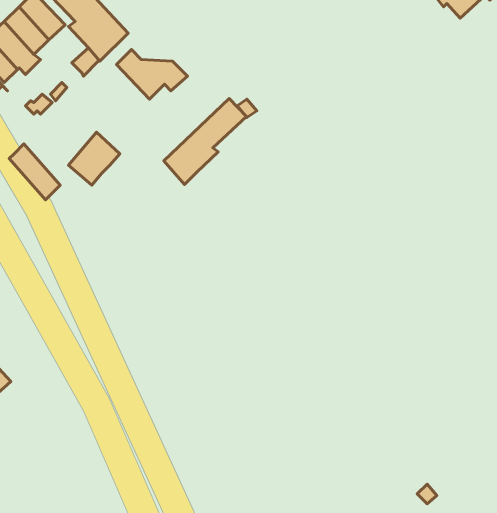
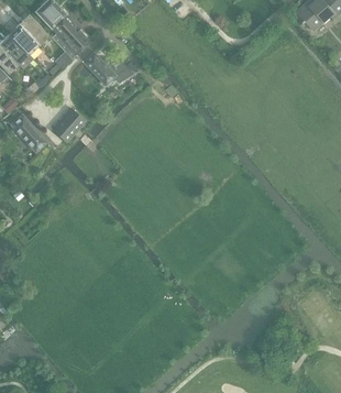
building: [164,98,246,185] -> none

